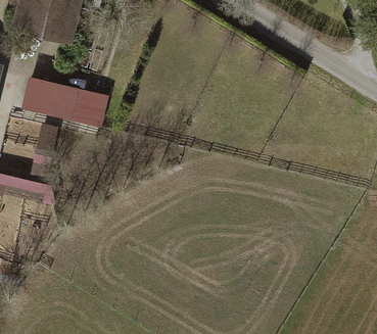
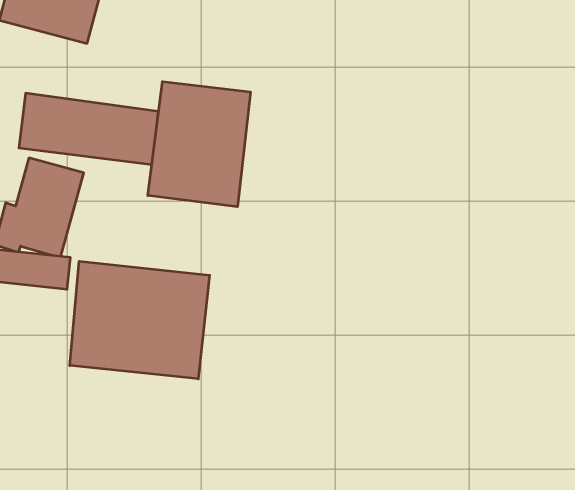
building: none -> [148,82,250,207]
building: none -> [70,261,210,379]

